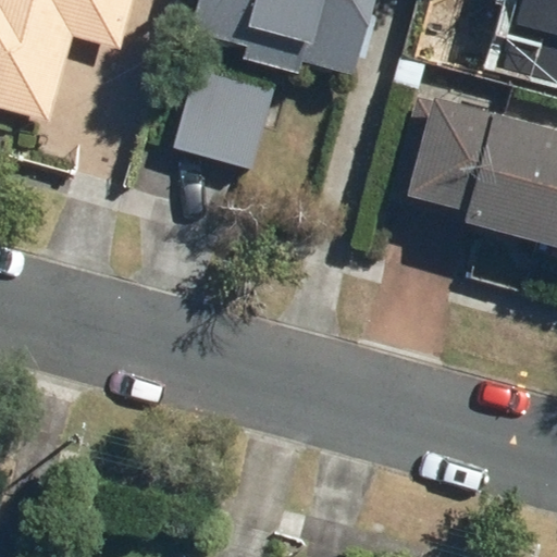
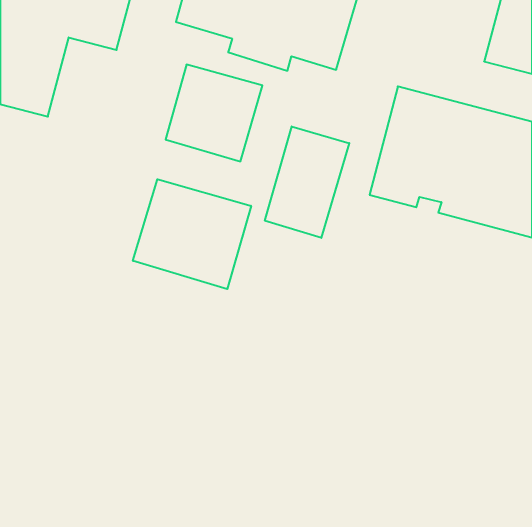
building: none -> [265,126,349,238]
building: none -> [133,179,251,289]

